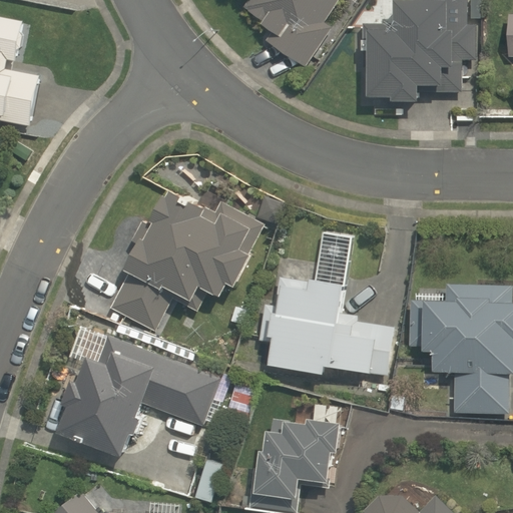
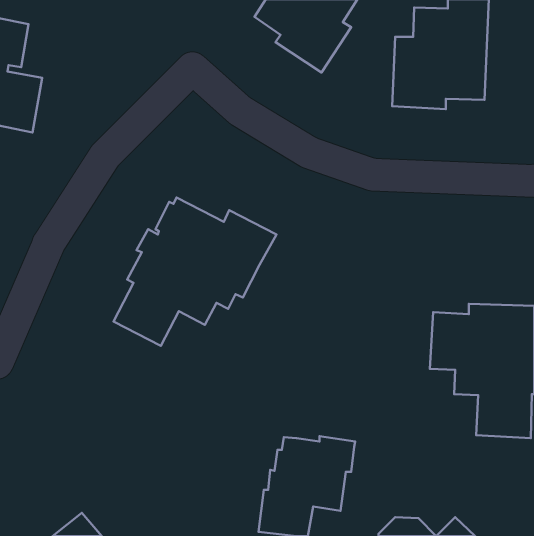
building: [269,260,394,377] -> none
building: [55,334,218,454] -> none

